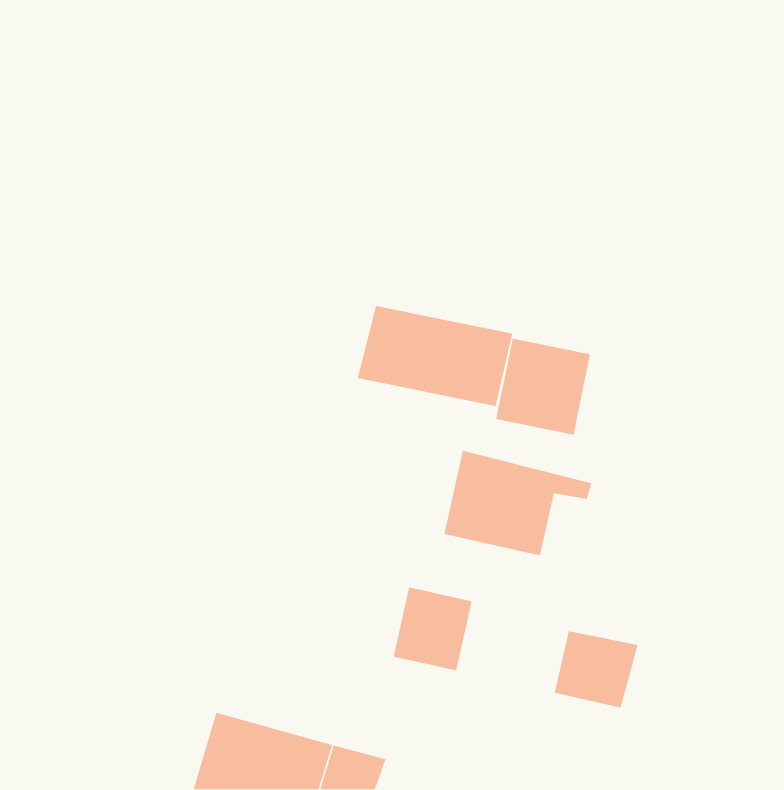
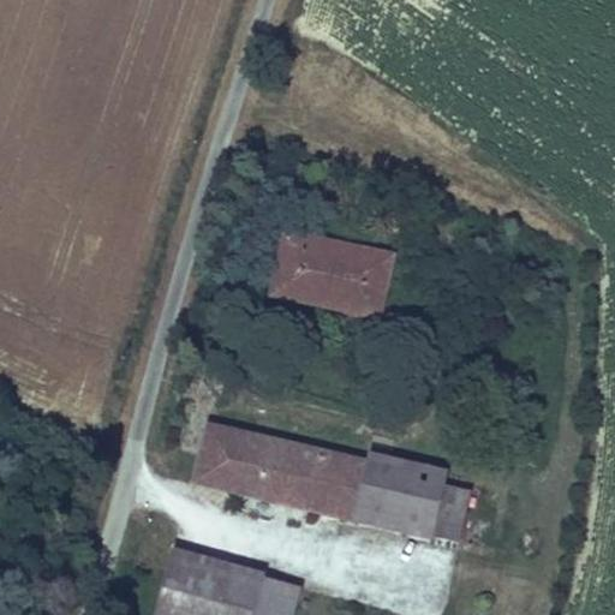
building: [495,338,591,436] -> none
building: [444,450,592,556] -> [351,450,465,532]
building: none -> [190,424,314,504]

